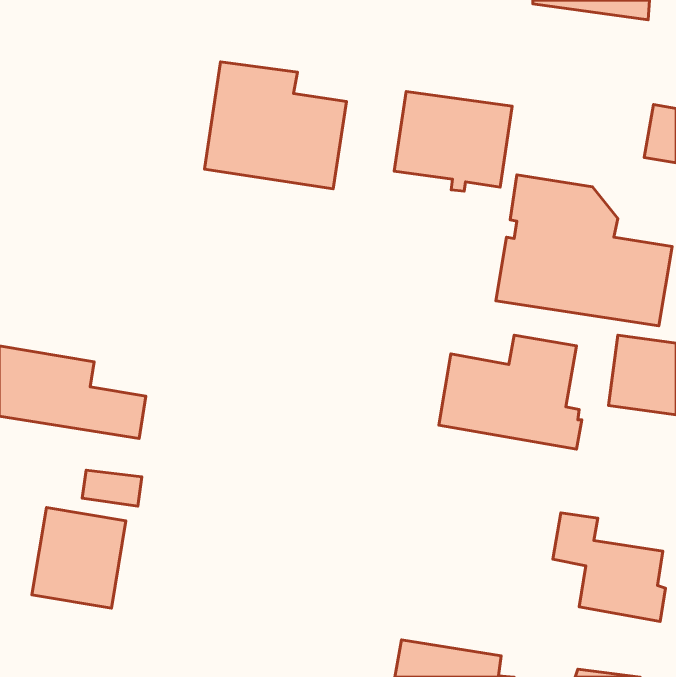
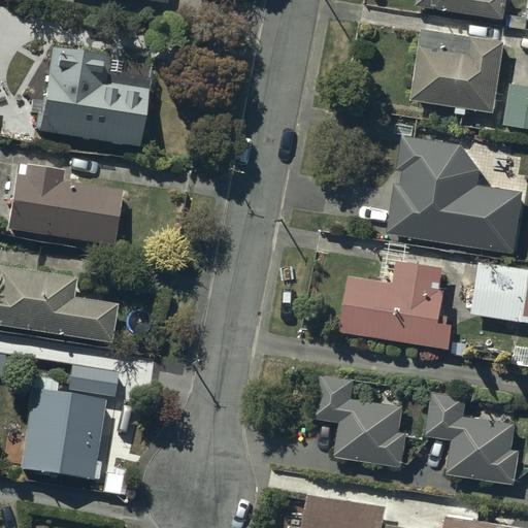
building: [205,62,346,189] -> [36,52,146,151]
building: [394,92,512,191] -> [410,35,502,112]
building: none -> [5,162,121,244]
building: none -> [317,380,405,465]

